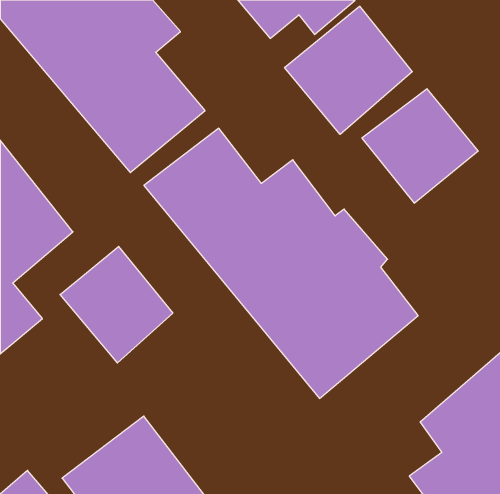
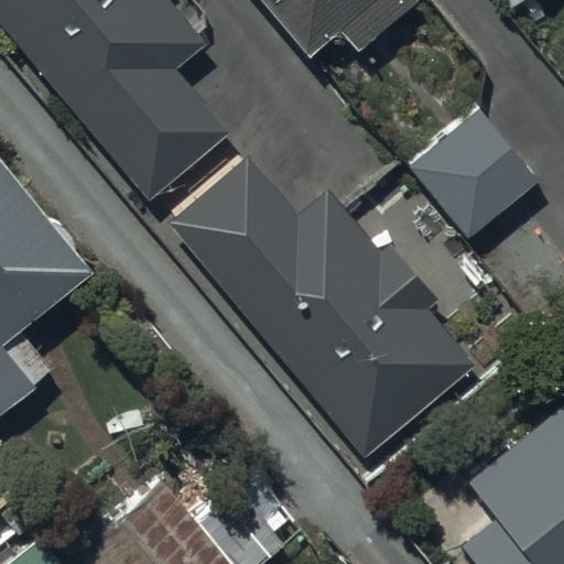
building: [285,6,412,134] -> none
building: [60,246,173,363] -> none

